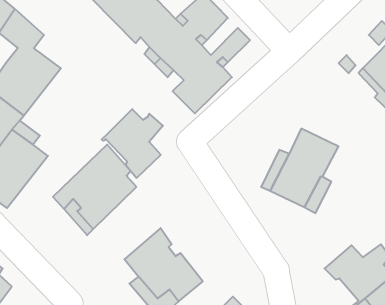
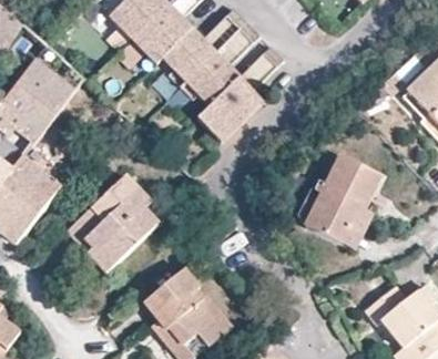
building: [102,109,163,178] -> none

